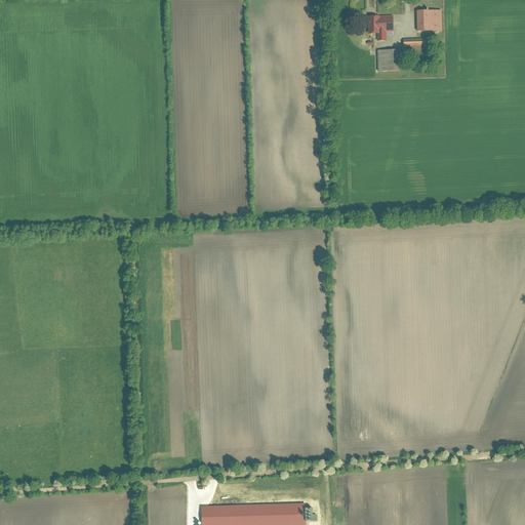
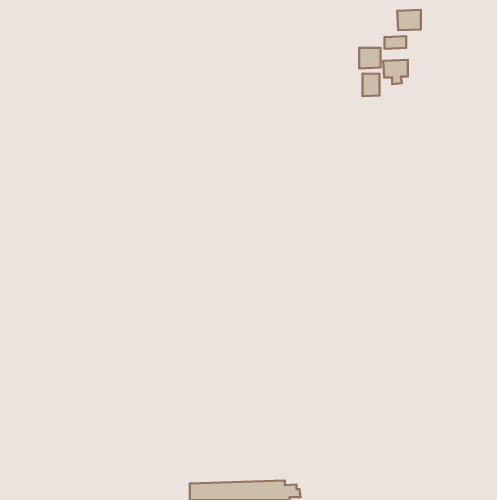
building: [366,15,392,41] -> [383,60,408,84]
building: none -> [362,74,379,96]

